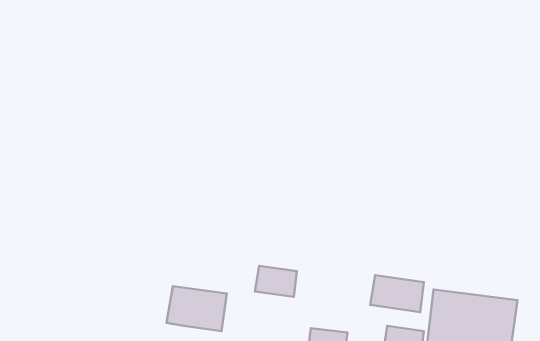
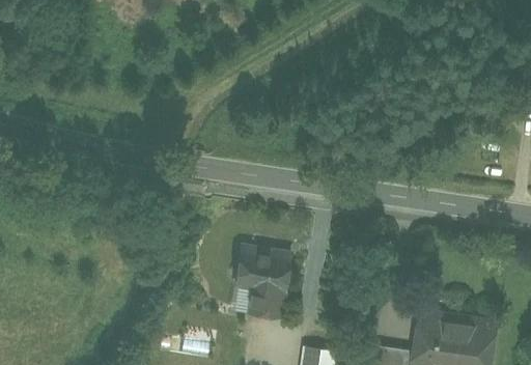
building: [370,275,424,312] -> none
building: [166,286,227,331] -> [234,248,292,291]

